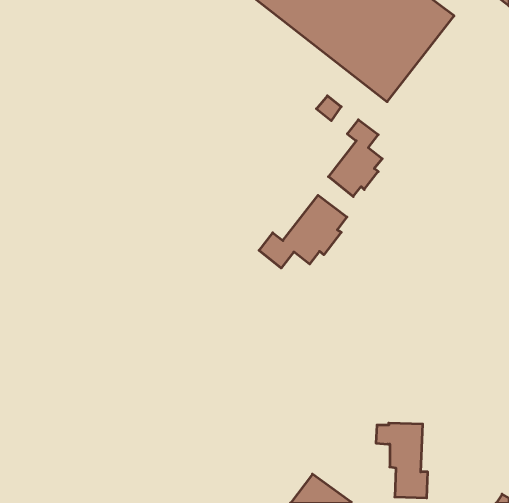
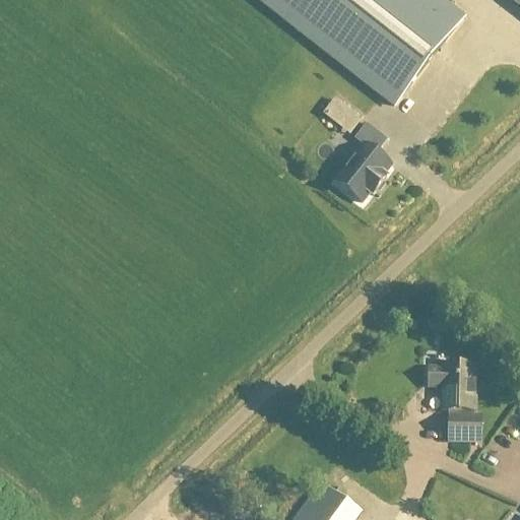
building: [259,195,347,268] -> none
building: [376,423,428,498] -> [427,364,479,440]

